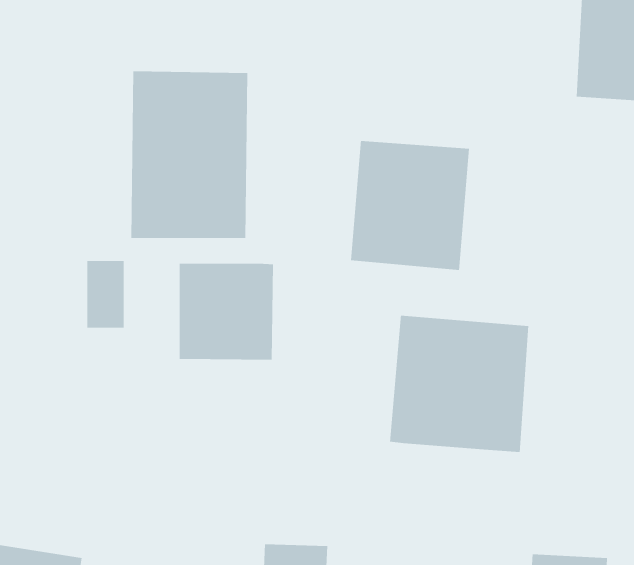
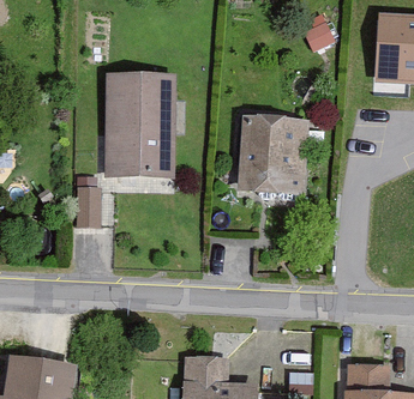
building: [179,263,274,361] -> none
building: [389,315,529,453] -> none

